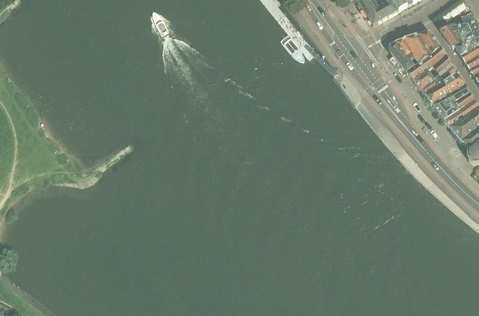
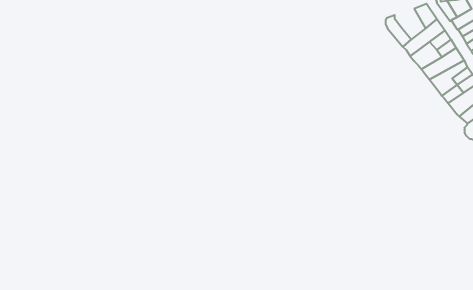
building: [398,34,428,64] -> none

